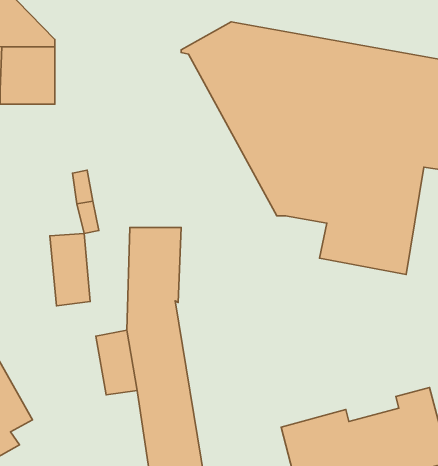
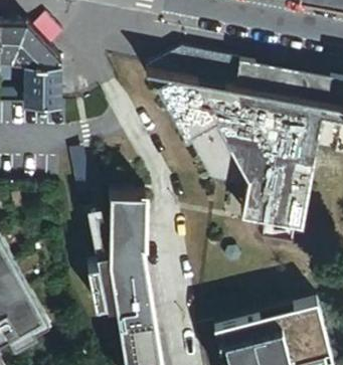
building: [50,233,90,306] -> none

